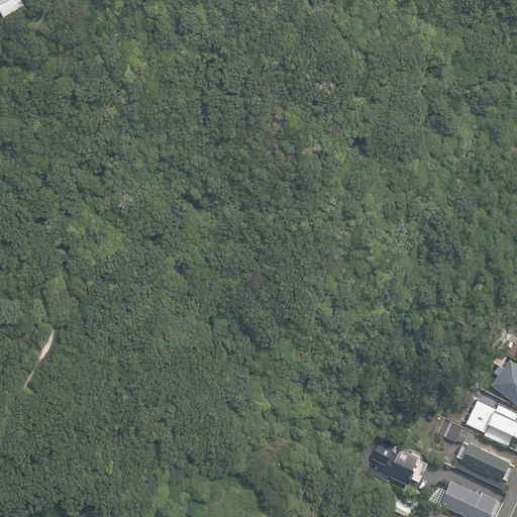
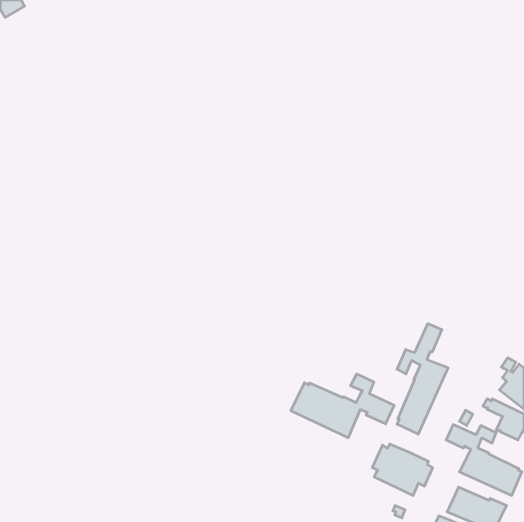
building: none -> [397,324,448,434]
building: none -> [291,374,394,438]

